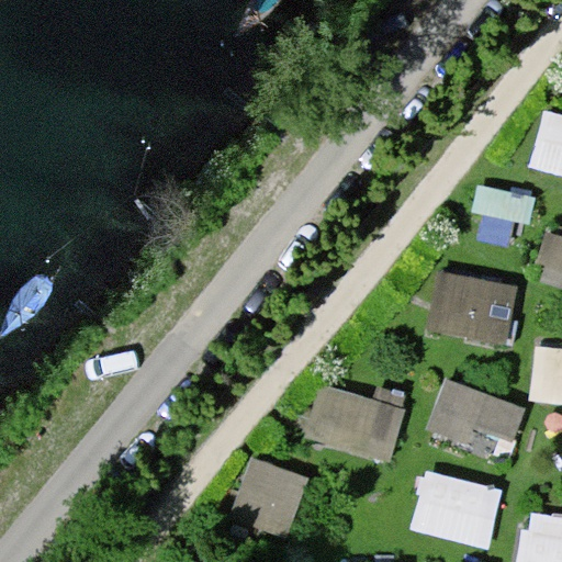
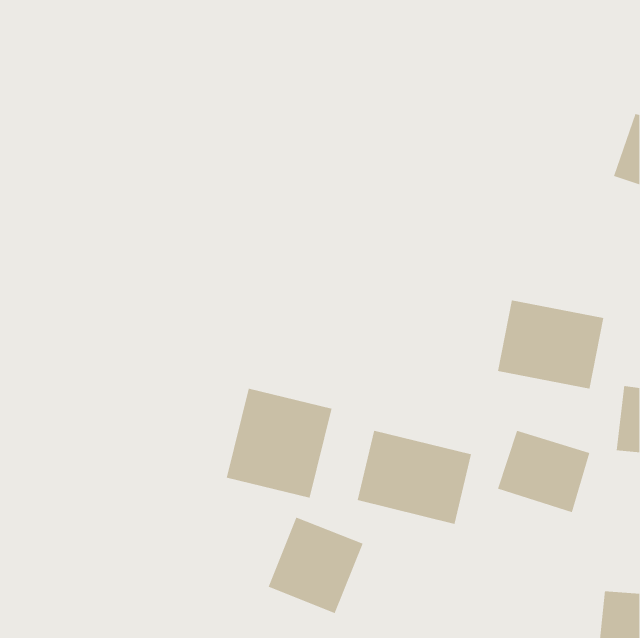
building: none -> [226,388,332,498]
building: [412,471,503,550] -> none

